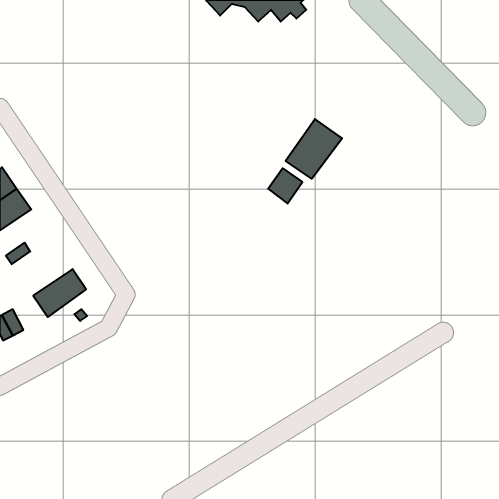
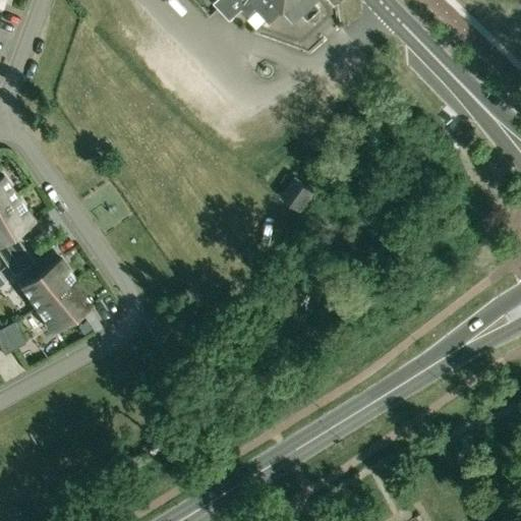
building: [286,119,342,179] -> none
building: none -> [19,259,75,308]

